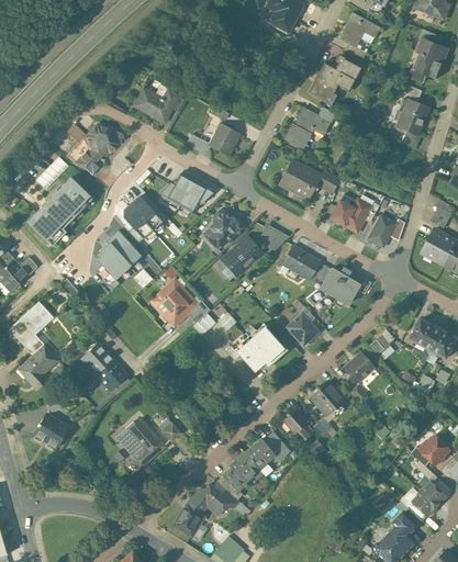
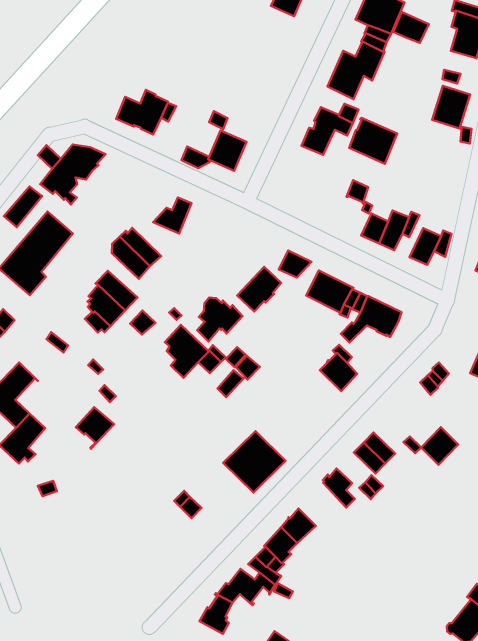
building: none -> [393,12,429,43]
building: [280,159,321,199] -> [349,118,397,164]
building: [179,180,213,212] -> none
building: [208,211,246,247] -> [197,297,243,341]
building: [235,325,287,375] -> [223,431,286,492]
building: [344,350,375,381] -> [421,427,458,465]
building: [92,358,127,390] -> none
building: [30,414,68,446] -> none
building: [119,417,165,468] -> none

